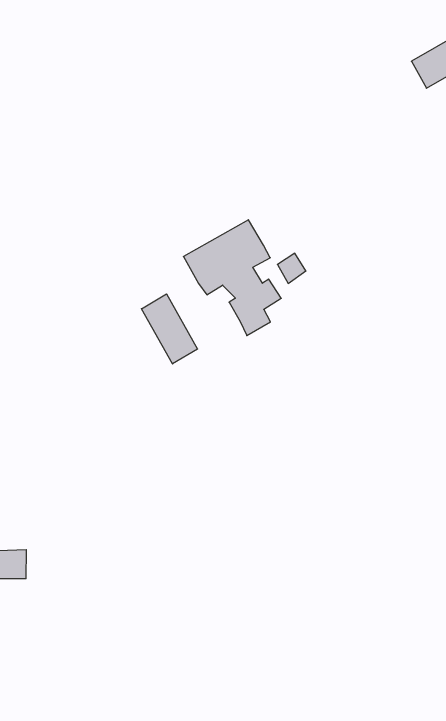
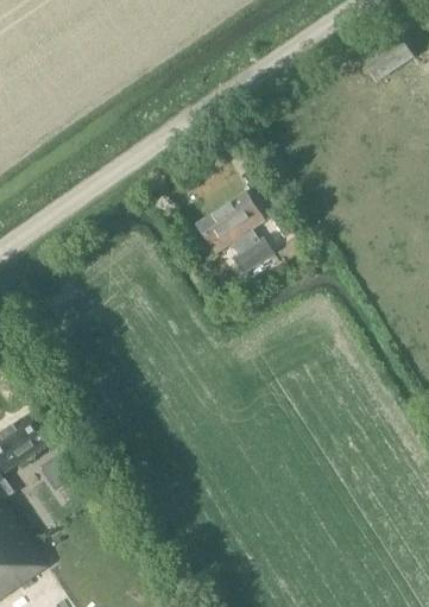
building: [141,294,198,364] -> none

